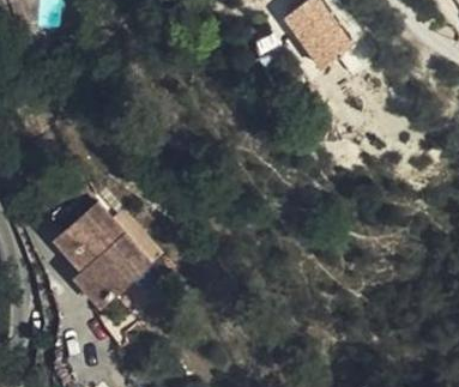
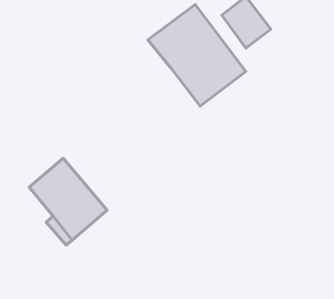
building: none -> [148,4,246,106]

